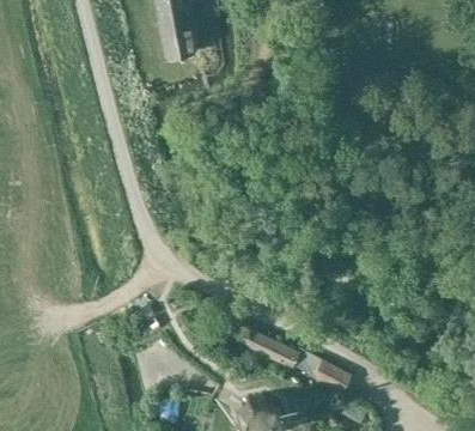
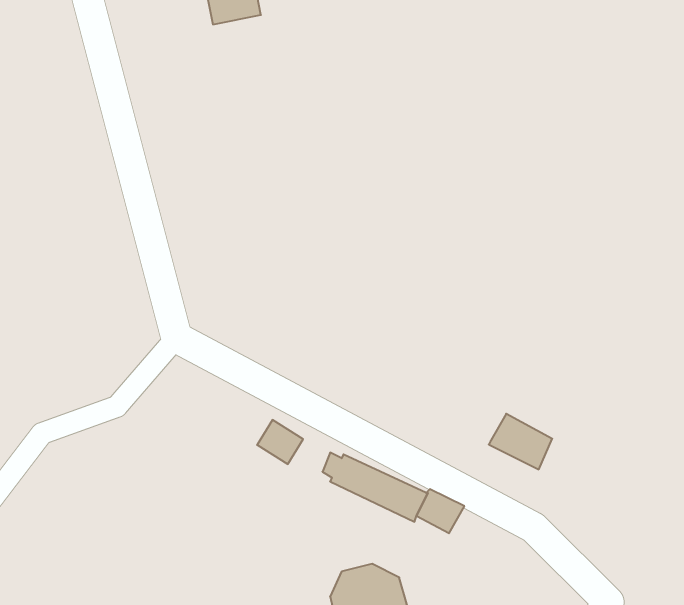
building: [312,360,352,395] -> [489,414,552,469]

